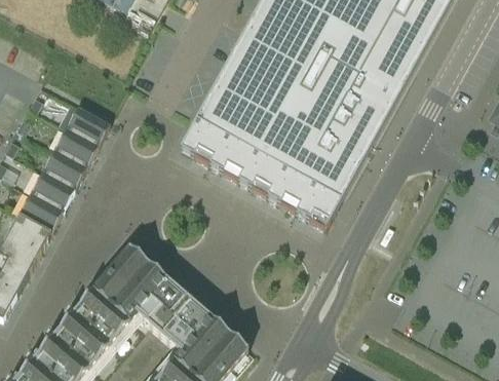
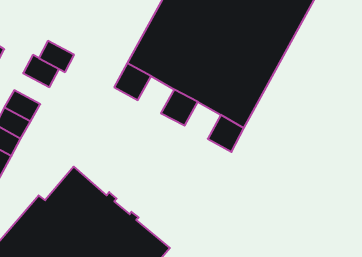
building: [54,130,99,169] -> [39,41,74,72]
building: [209,135,255,181] -> none
building: [268,166,313,213] -> none

